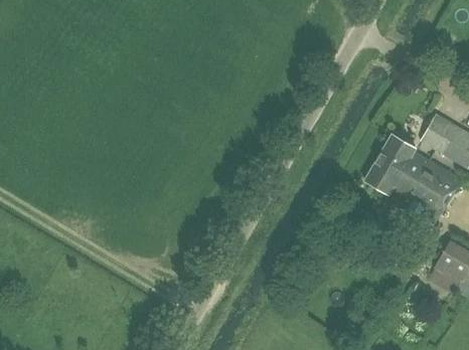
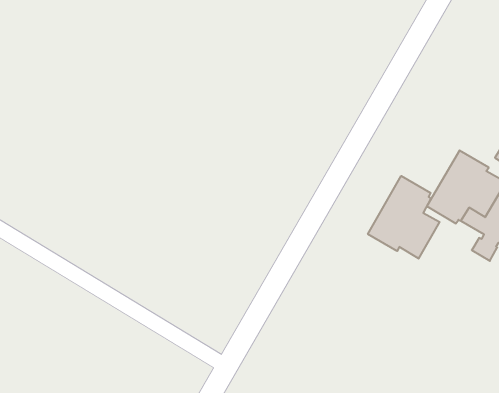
building: none -> [368,176,440,259]

